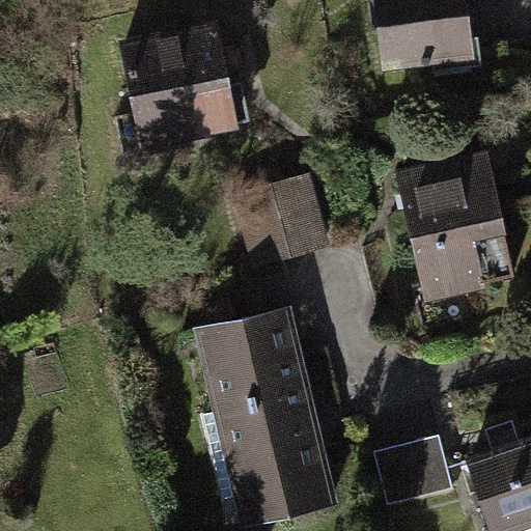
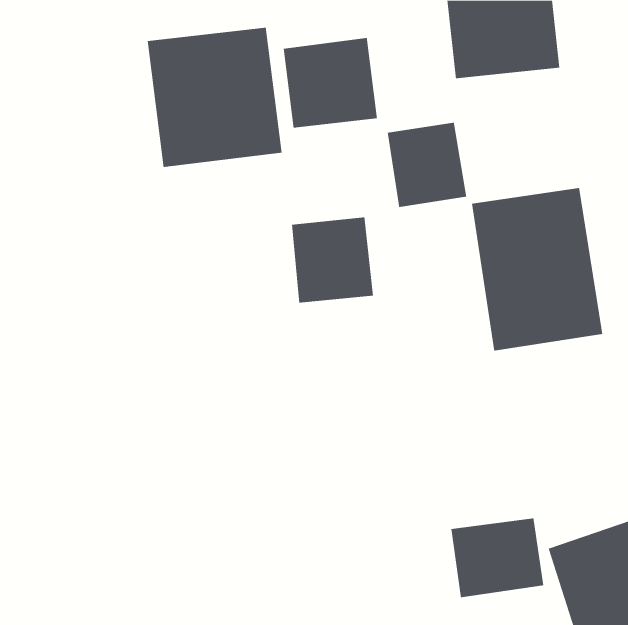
building: none -> [283,37,378,128]
building: none -> [387,122,467,208]
building: [201,307,328,518] -> none

